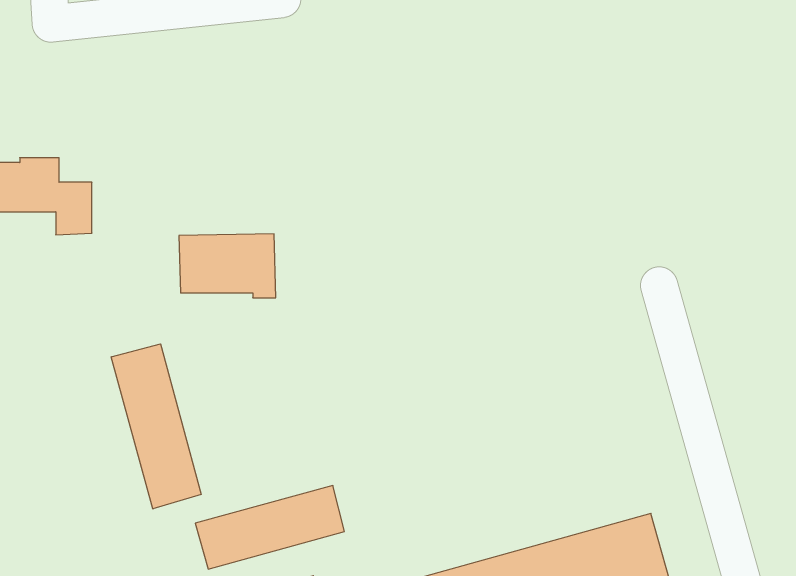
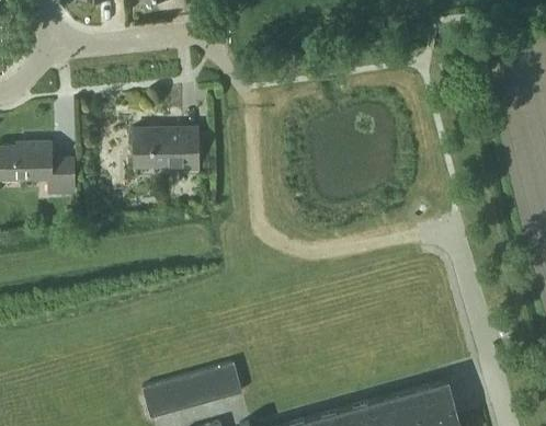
building: [179,234,276,298] -> [133,129,197,172]
building: [111,344,201,509] -> none

